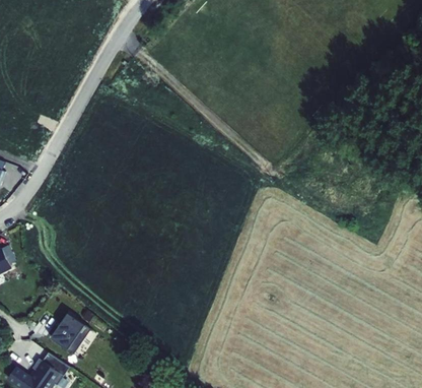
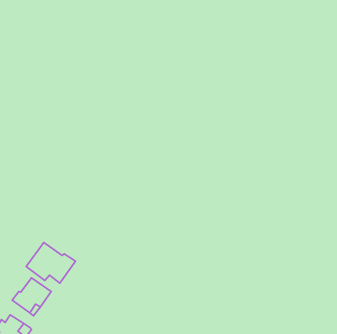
building: none -> [26,243,75,283]

